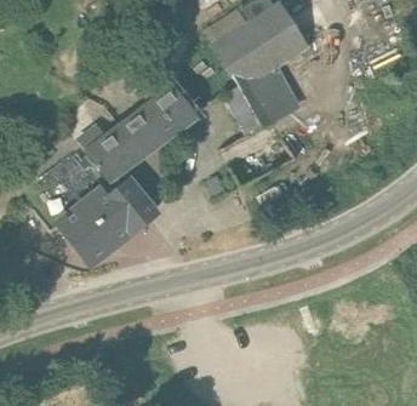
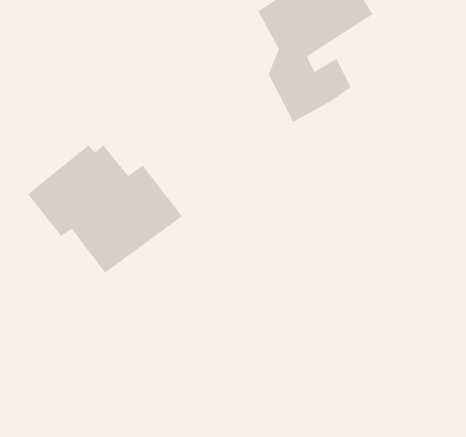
building: [78,85,198,179] -> none

